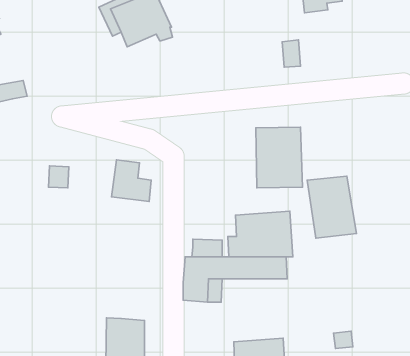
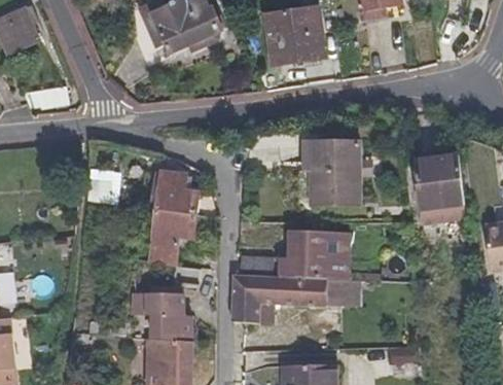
building: none -> [264,9,325,66]
building: [307,176,357,238] -> [414,155,466,221]
building: none -> [149,211,195,265]
building: none -> [151,291,191,343]

